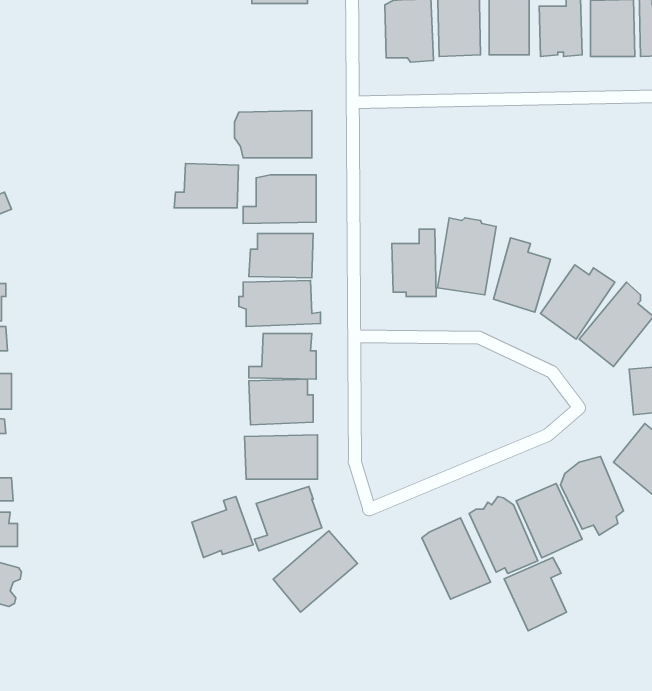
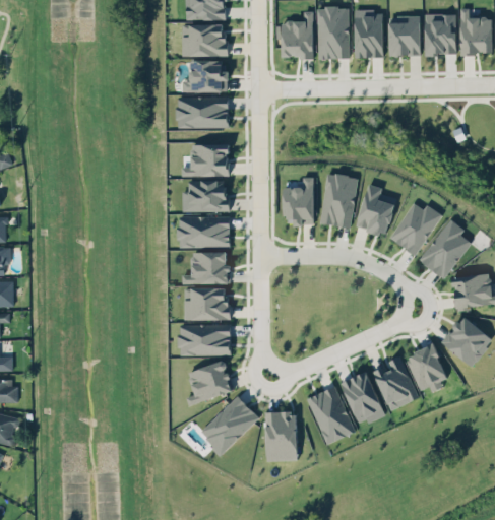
building: none -> [182,25,226,58]
building: [174,164,238,208] -> [182,62,228,93]
building: [192,496,253,557] -> none
building: none -> [262,408,296,460]
building: [504,557,567,631] -> none

